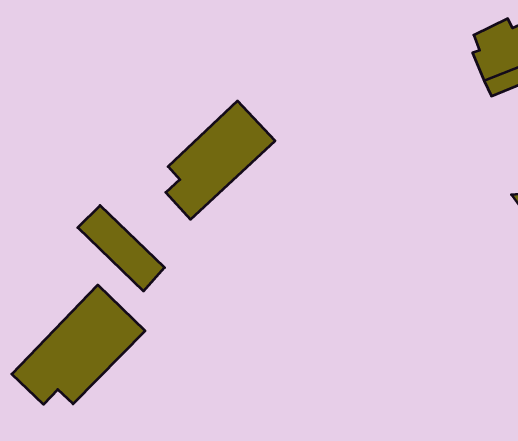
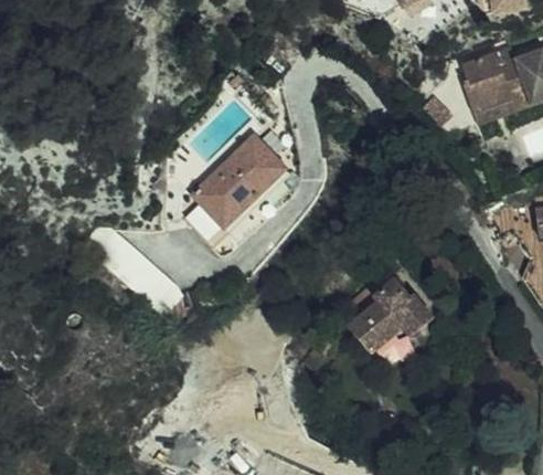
building: none -> [359,275,441,346]
building: [12,285,145,404] -> none

